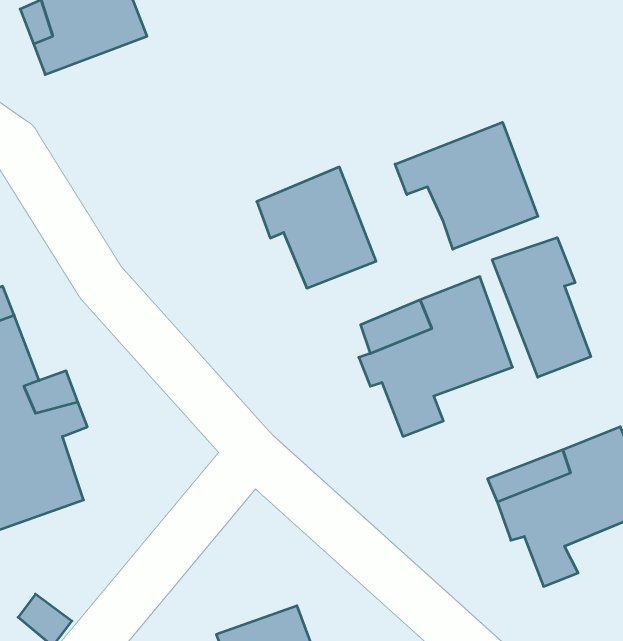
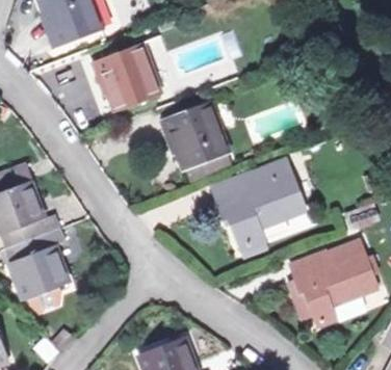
building: none -> [97,46,163,109]
building: [395,122,538,249] -> none
building: [492,238,591,377] -> none

